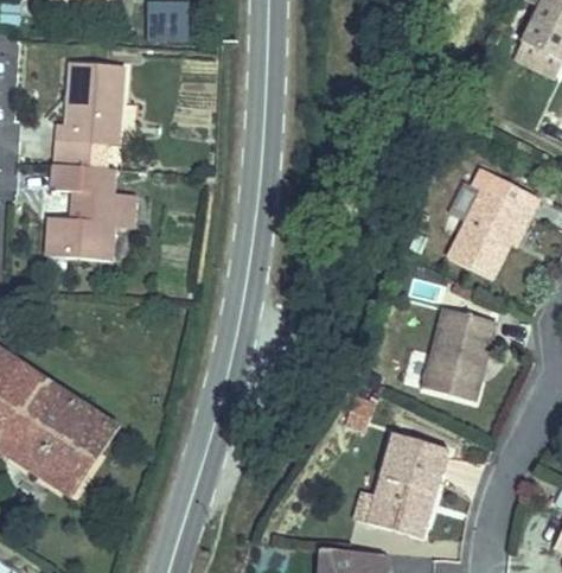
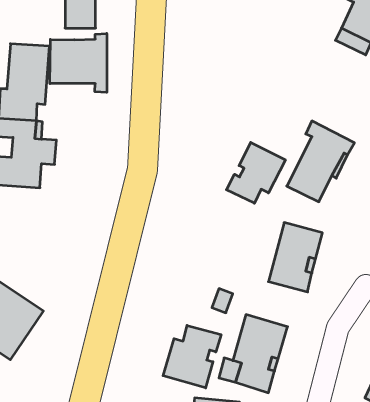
building: none -> [50,33,107,92]
building: none -> [226,142,285,203]
building: none -> [163,325,221,388]

